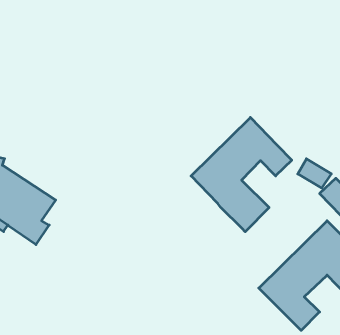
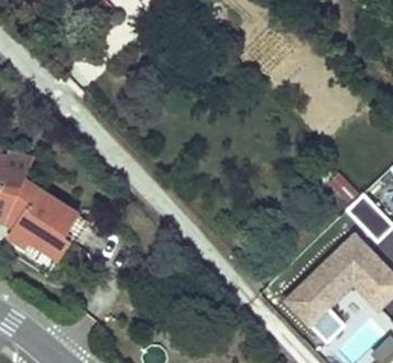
building: [191,117,292,232] -> none

